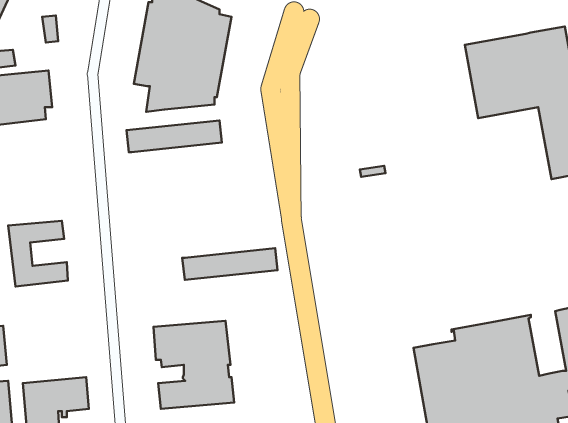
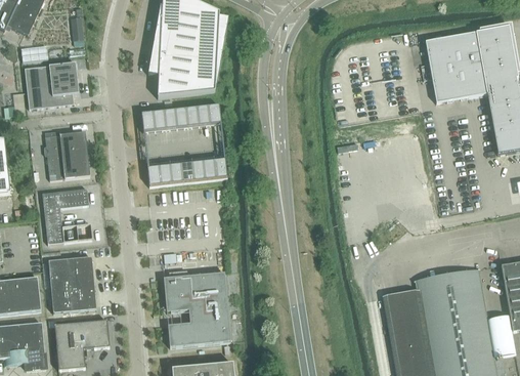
building: none -> [45,130,90,178]
building: [182,248,278,280] -> [147,158,227,184]
building: none -> [48,256,96,311]

